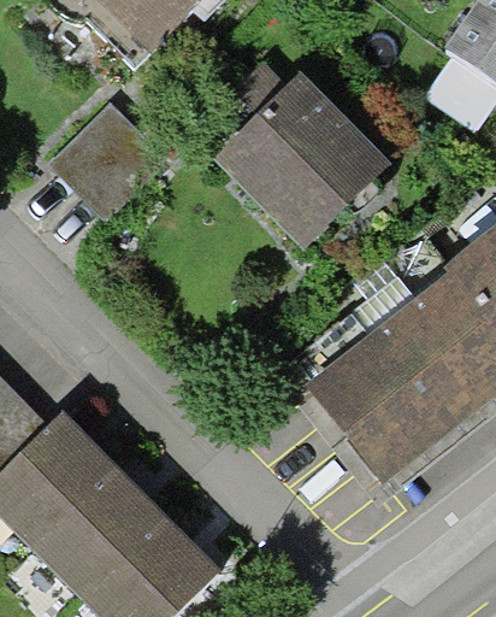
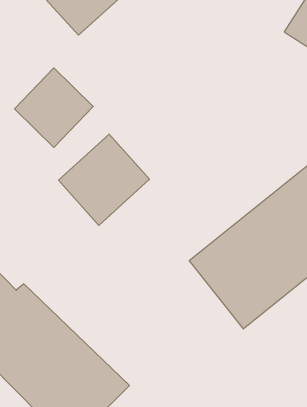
building: [212,61,394,255] -> none
building: none -> [59,134,149,225]

